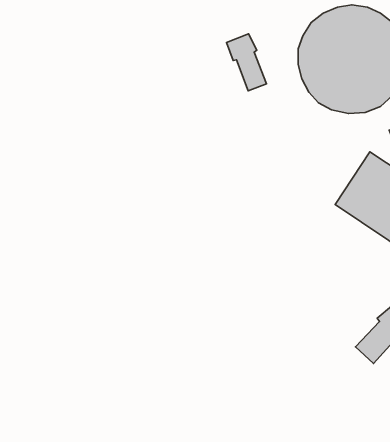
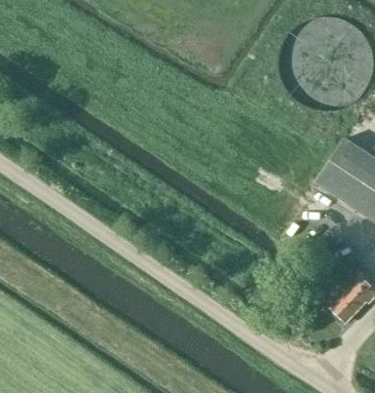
building: [226,34,266,91] -> none

